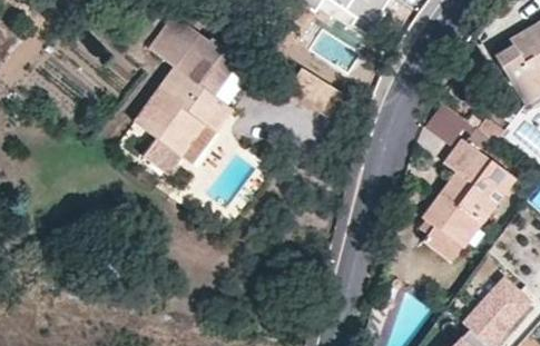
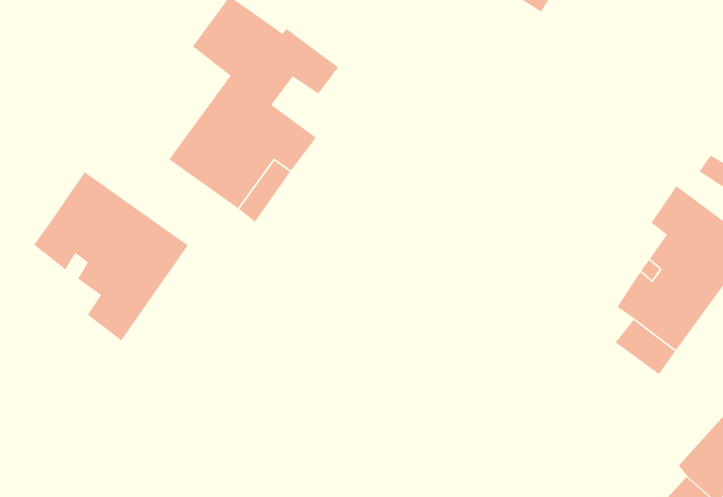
building: [422,101,467,145] -> none
building: none -> [33,171,189,341]

